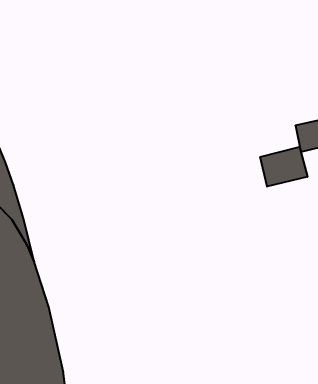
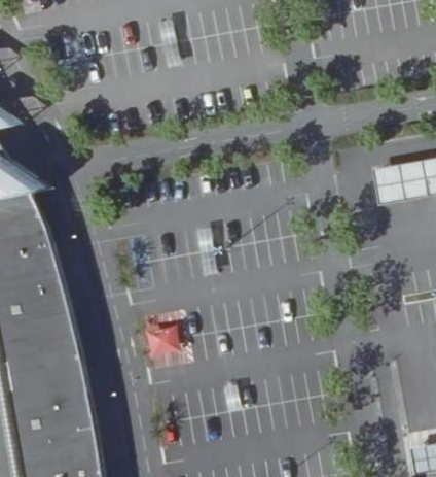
building: [260,147,307,187] -> none

